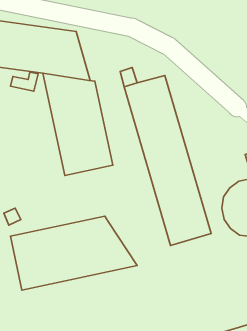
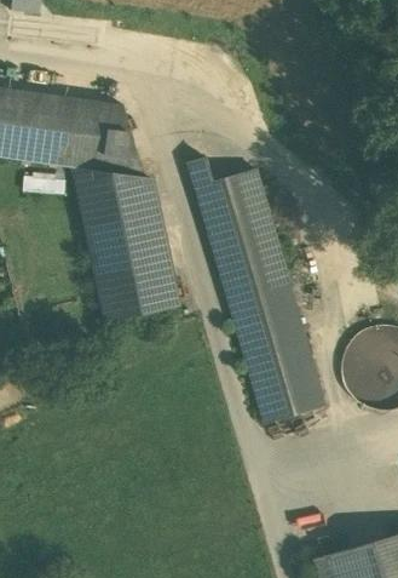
building: [11,216,137,290] -> none

